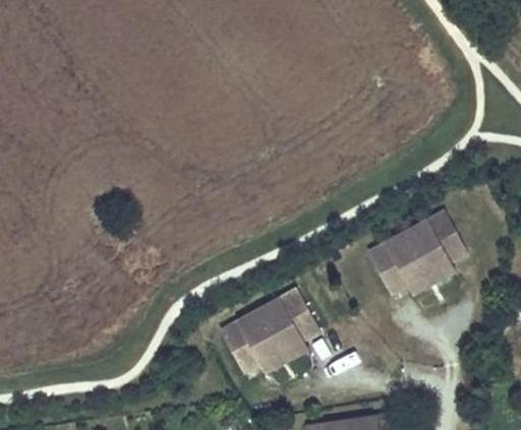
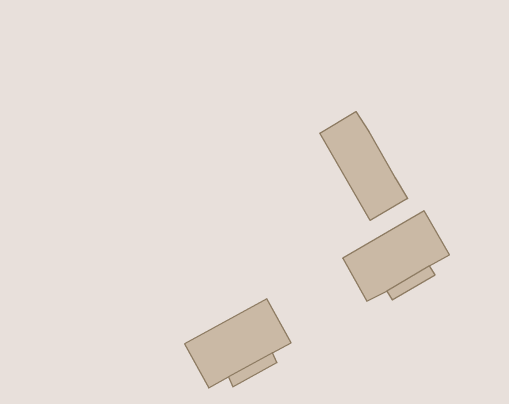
building: none -> [320,112,408,220]

